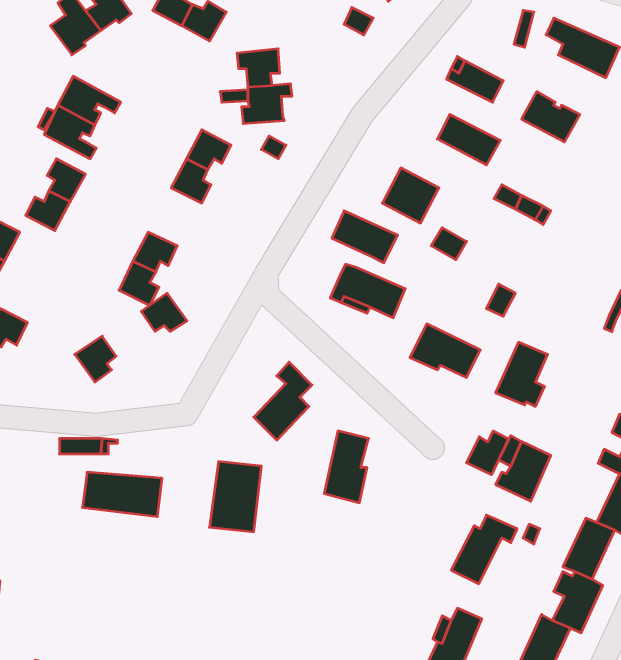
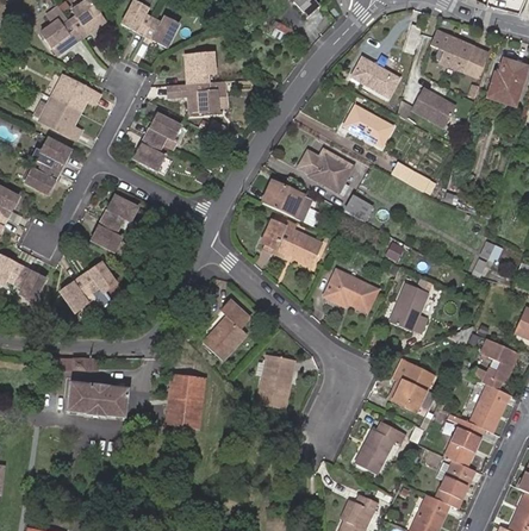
building: [141,293,187,331] -> [83,263,119,293]
building: none -> [17,267,48,302]
building: [466,431,509,475] -> none

